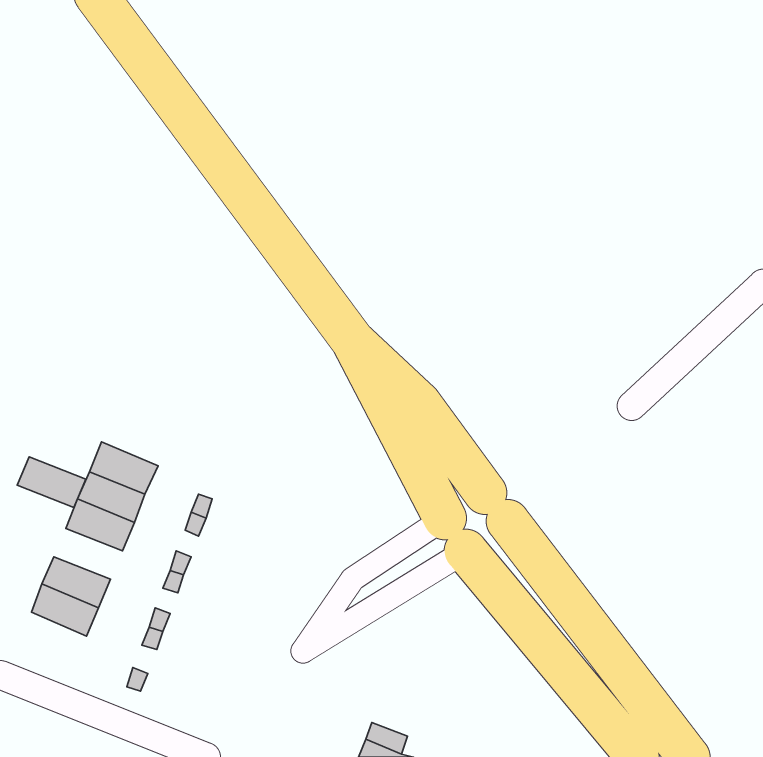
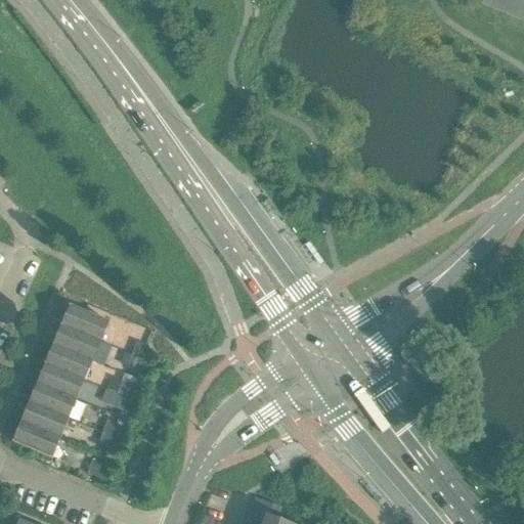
building: [17,457,86,508] -> [37,362,84,397]
building: none -> [13,420,59,455]

